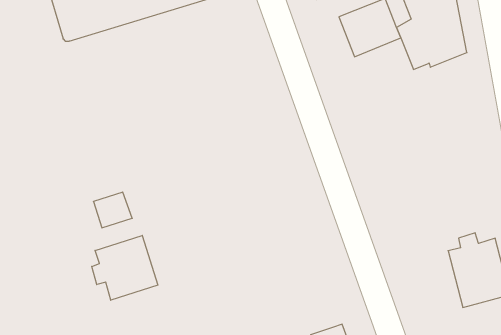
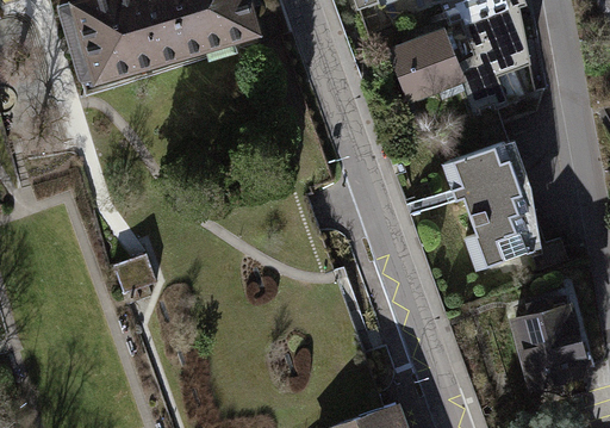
building: none -> [442,142,533,269]
building: [92,235,158,300] -> none

